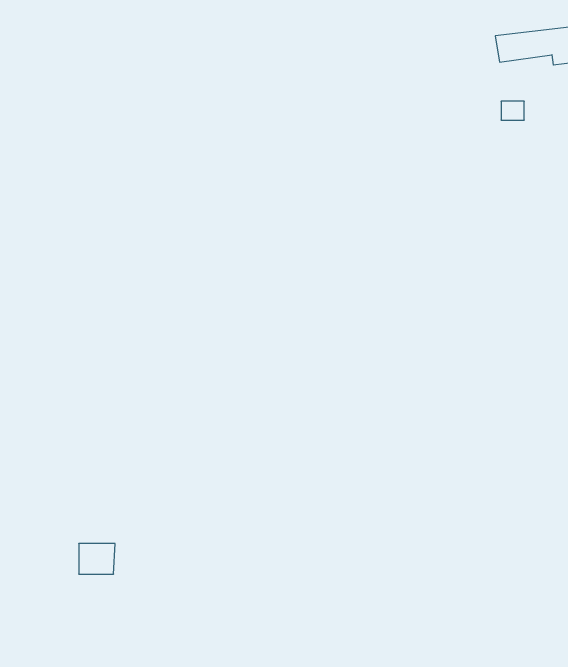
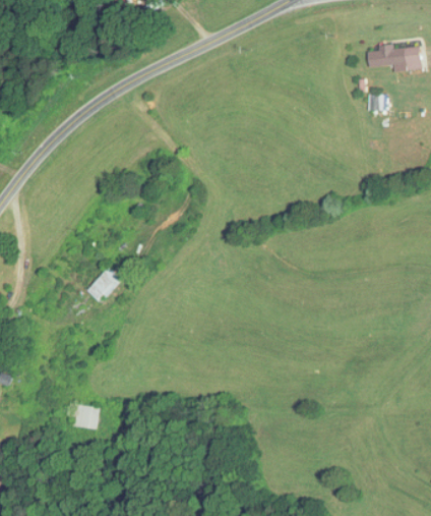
building: none -> [86,267,121,302]

